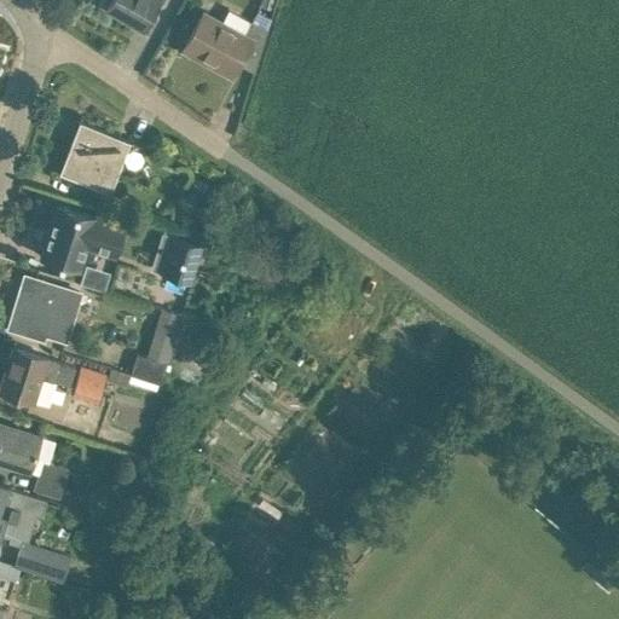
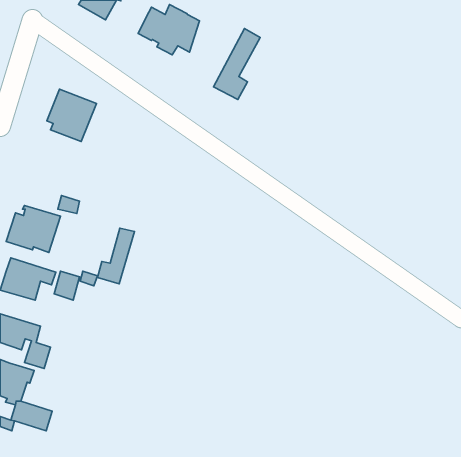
building: none -> [214,28,260,100]
building: [41,207,125,271] -> none
building: [164,239,202,284] -> none

